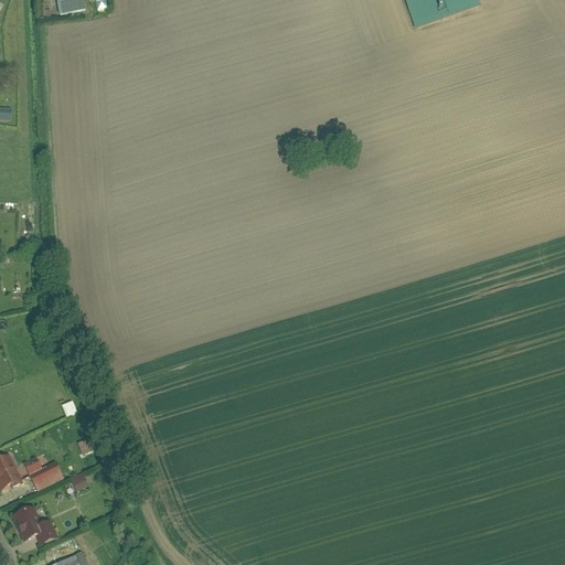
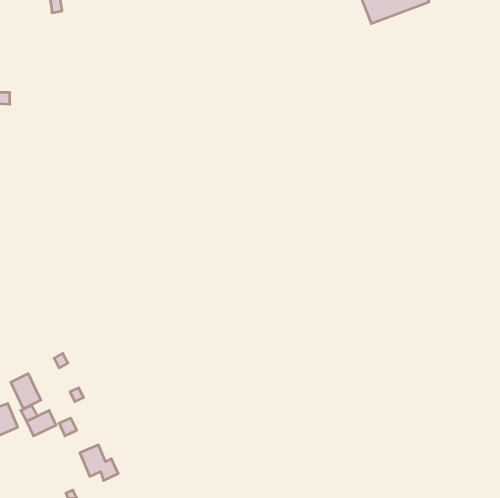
building: none -> [11,374,41,409]
building: [12,503,55,543] -> [80,445,118,480]

